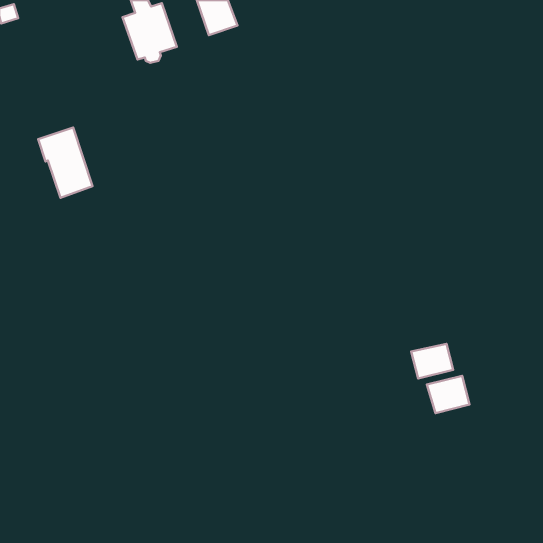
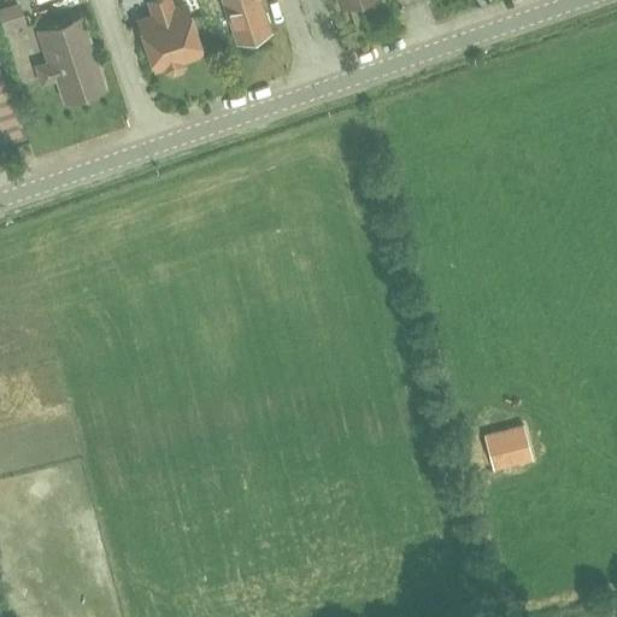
building: [38,127,92,198] -> [40,19,101,99]
building: [411,344,453,378] -> none

